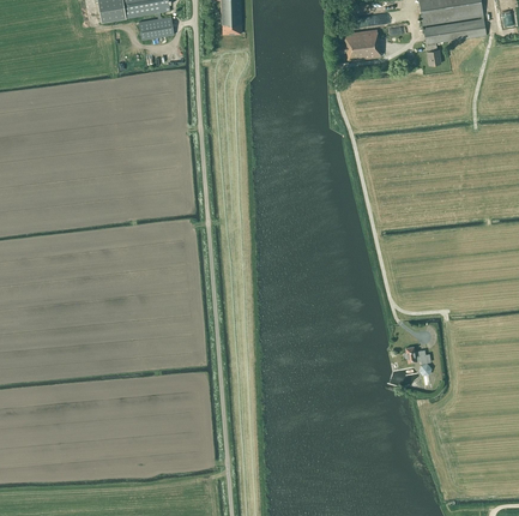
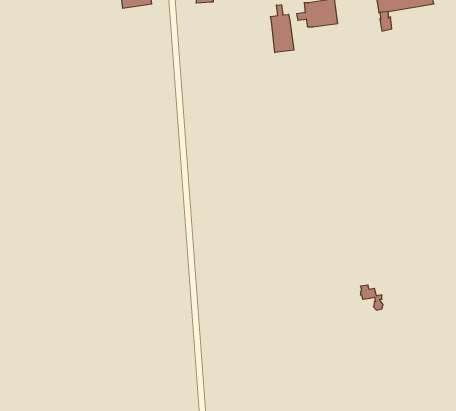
building: none -> [270,5,294,53]

